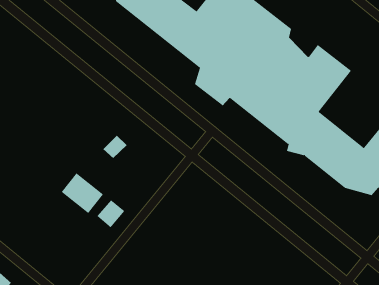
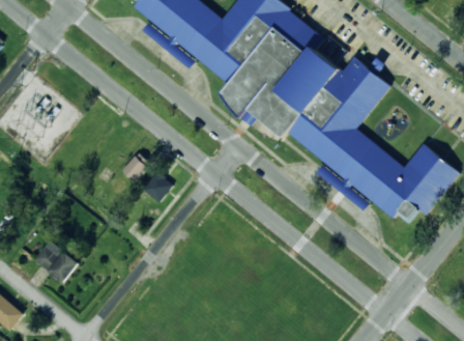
building: [61,173,104,214] -> [32,238,79,283]
building: [96,200,125,228] -> [142,171,173,202]

